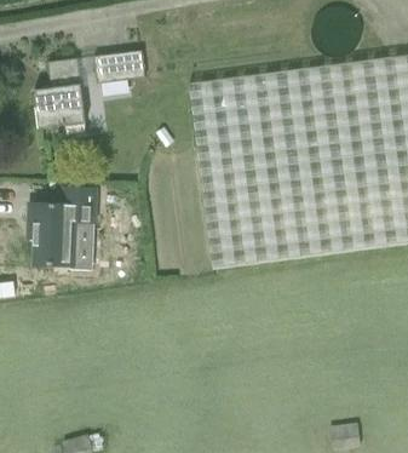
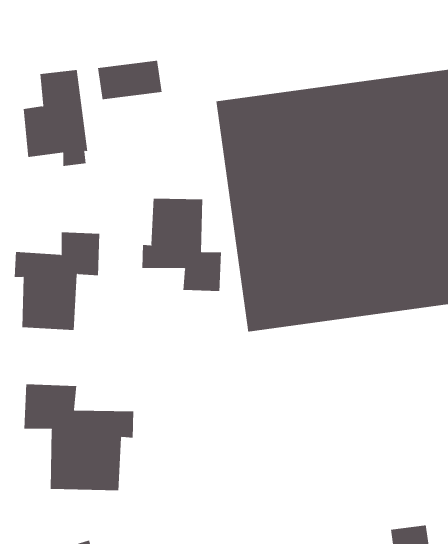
building: none -> [142,198,221,292]
building: none -> [24,384,134,491]

